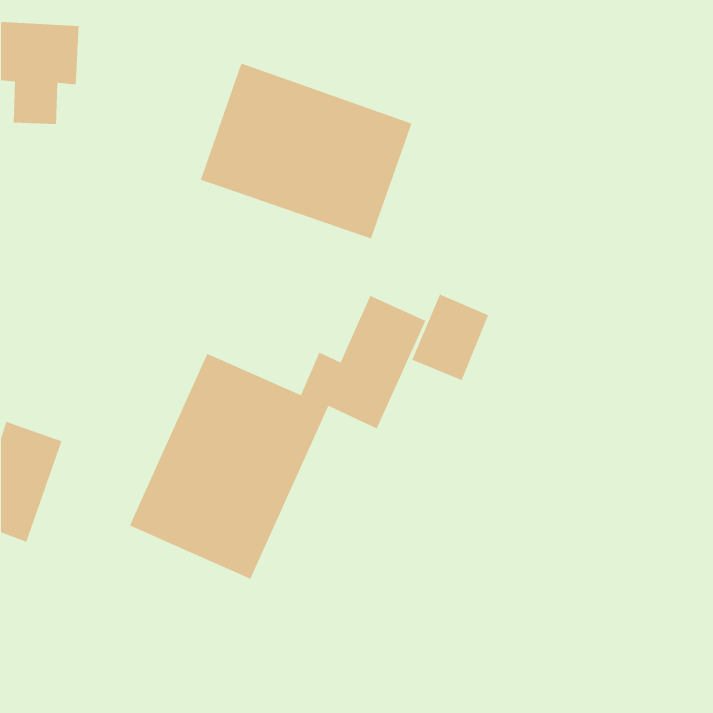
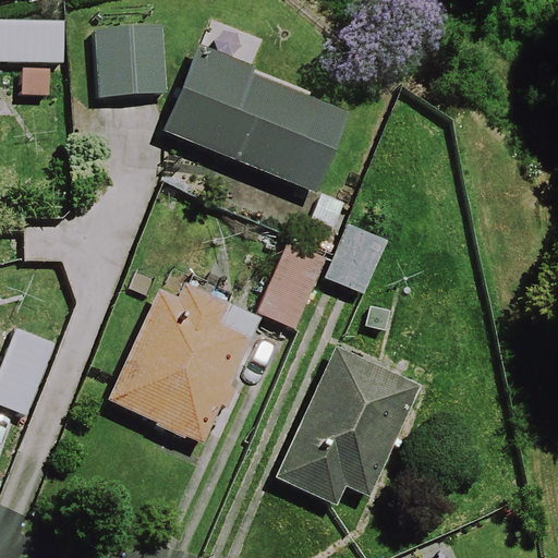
building: none -> [99,24,163,101]
building: none -> [271,342,433,510]

